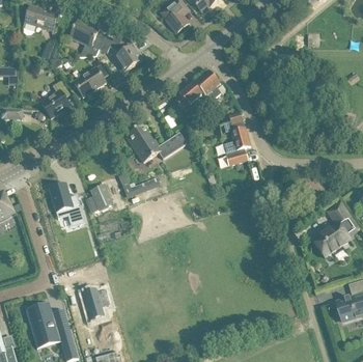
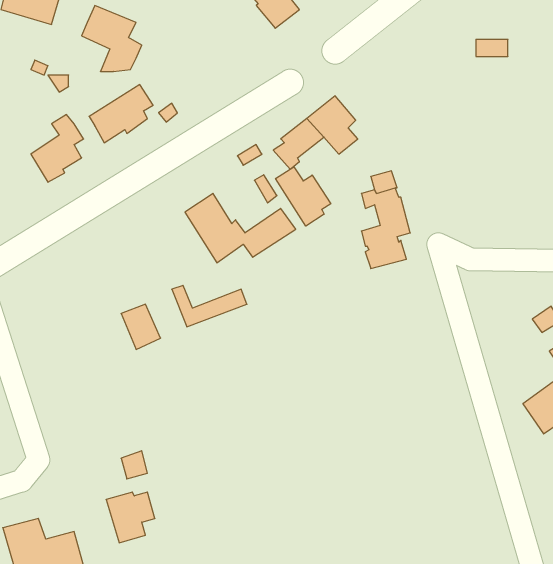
building: [99,35,142,71] -> none
building: none -> [276,167,331,226]
building: [49,183,84,224] -> none

